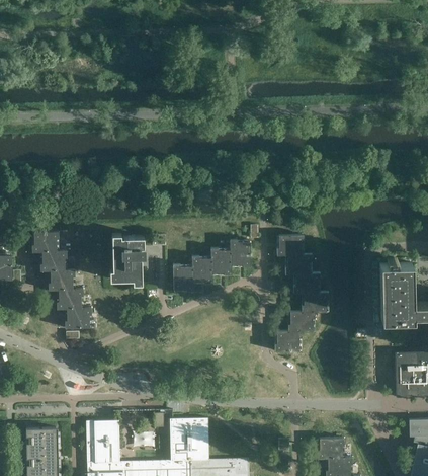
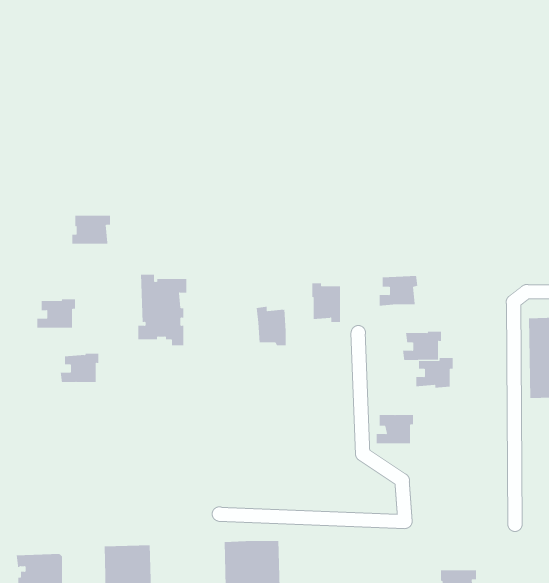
building: [31,232,59,252] -> [71,215,111,244]
building: [210,248,232,275] -> none
building: [284,254,312,274] -> none
building: [173,265,193,292] -> none
building: [48,269,75,291] -> none
building: [65,308,91,328] -> none
building: [287,311,315,332] -> none

